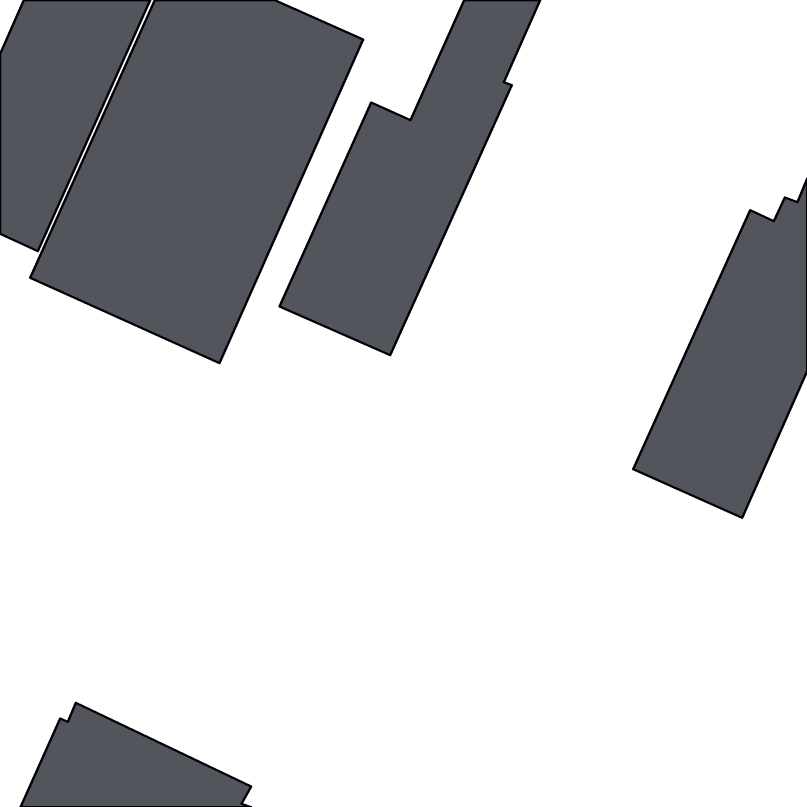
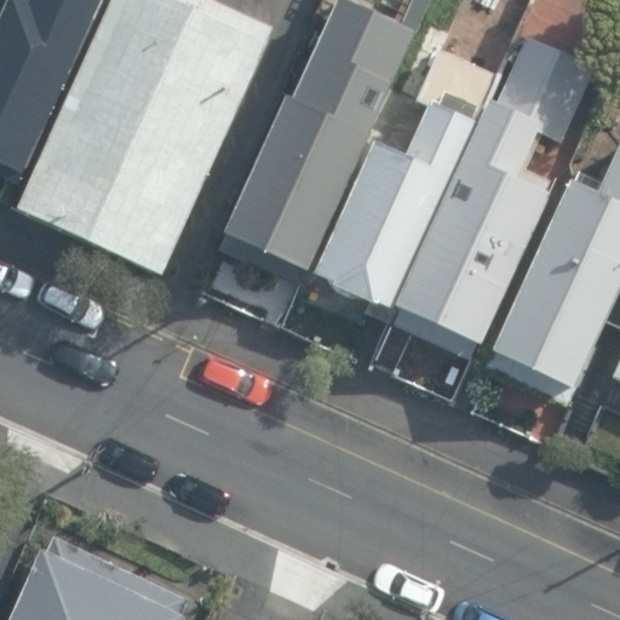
building: none -> [394,11,595,356]
building: none -> [315,40,498,315]

